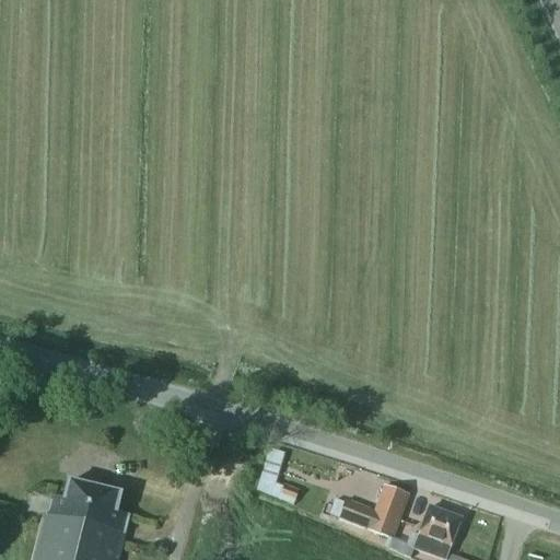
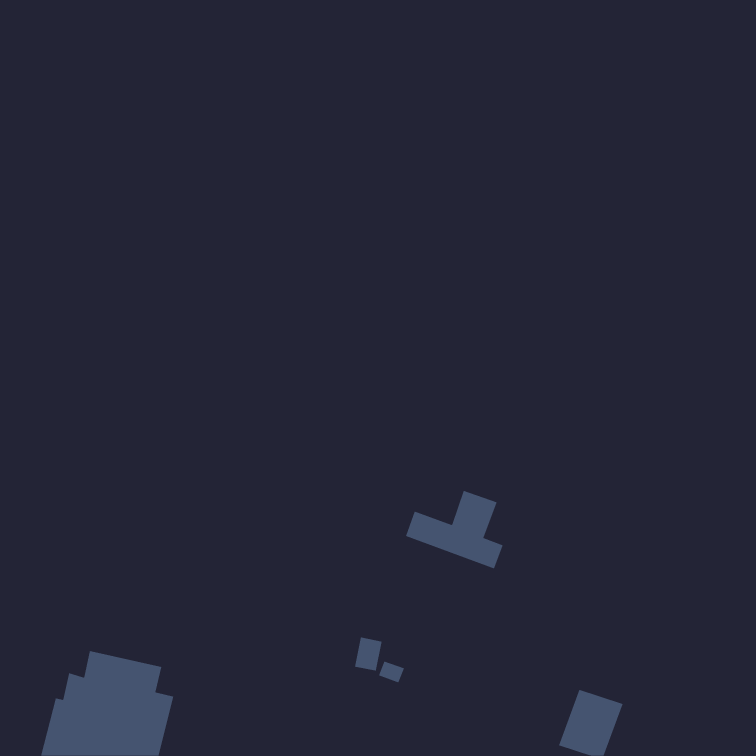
building: [340,485,412,542] -> [405,490,503,569]

